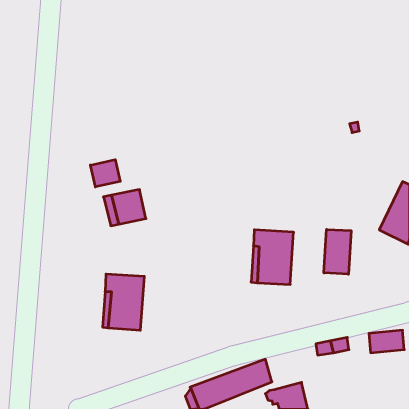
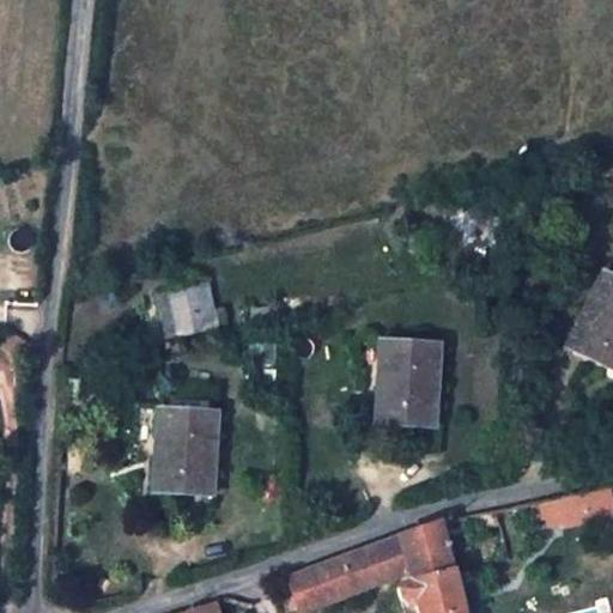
building: [90,160,120,187] -> none
building: [324,229,351,274] -> none
building: none -> [397,521,451,581]

